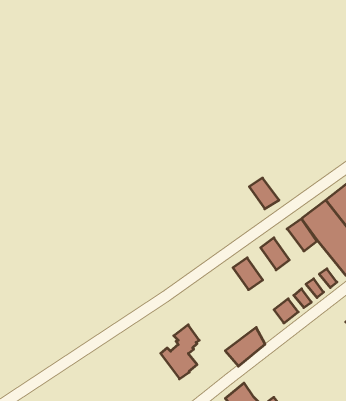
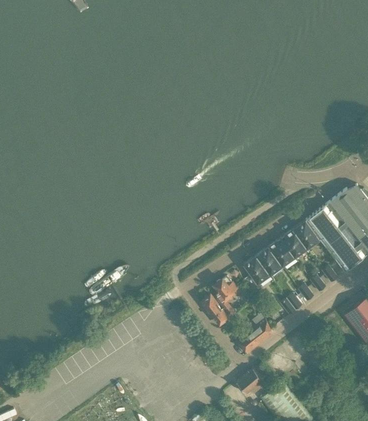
building: [249,178,279,209] -> [281,231,308,259]
building: none -> [257,248,283,277]
building: [161,325,199,379] -> [203,277,238,326]

